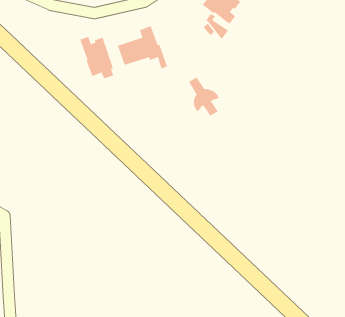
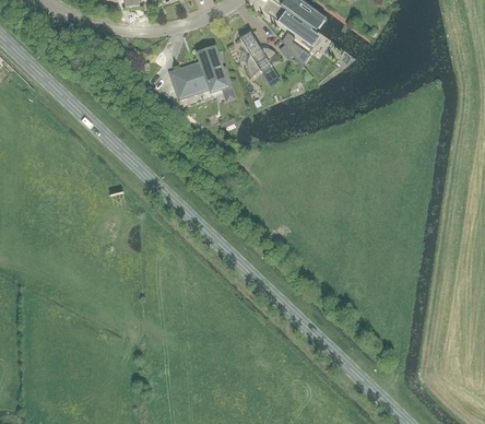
building: [80,36,114,79] -> none
building: [188,76,220,117] -> [239,31,279,81]

